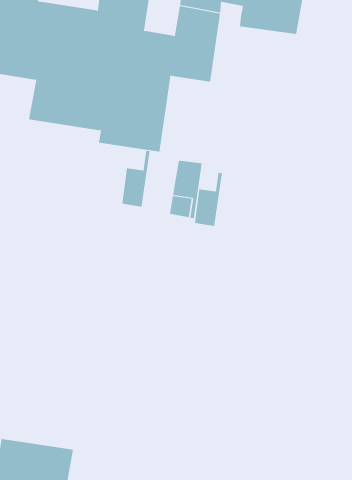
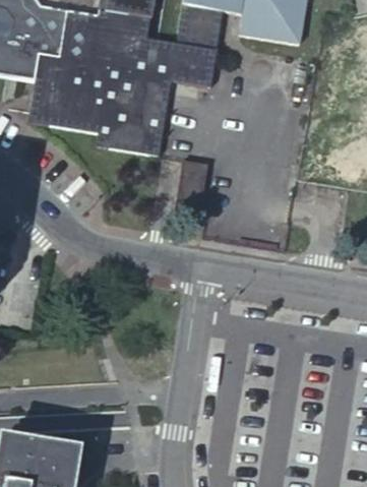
building: [122,150,150,208] -> none
building: [195,172,222,227] -> none

